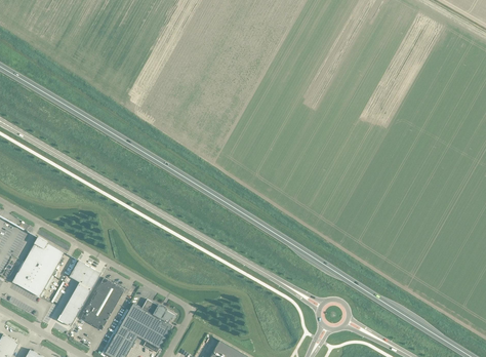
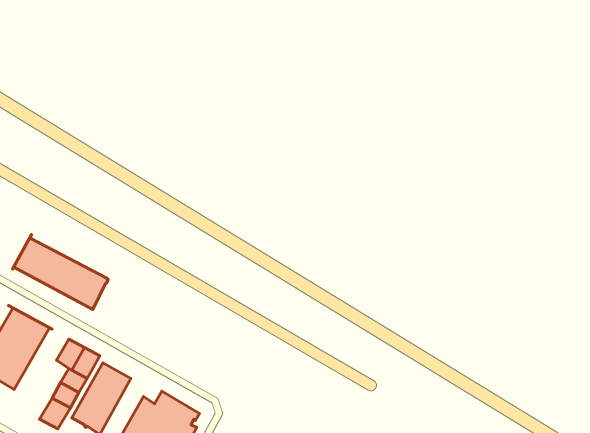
building: none -> [13,234,108,309]

